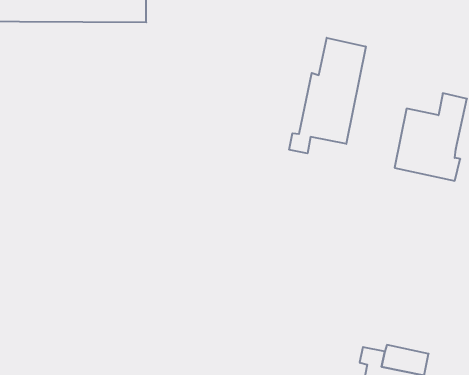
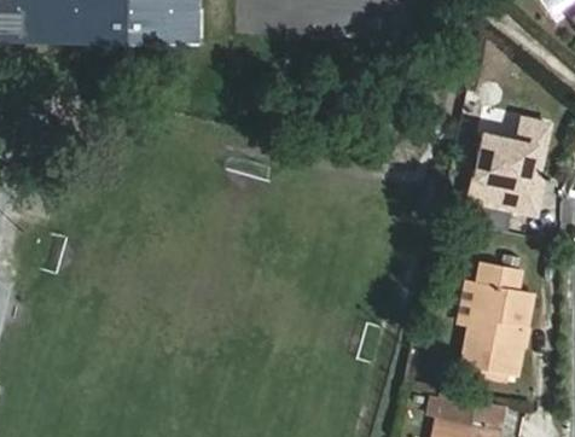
building: [289,38,366,153] -> none
building: none -> [460,263,534,373]

